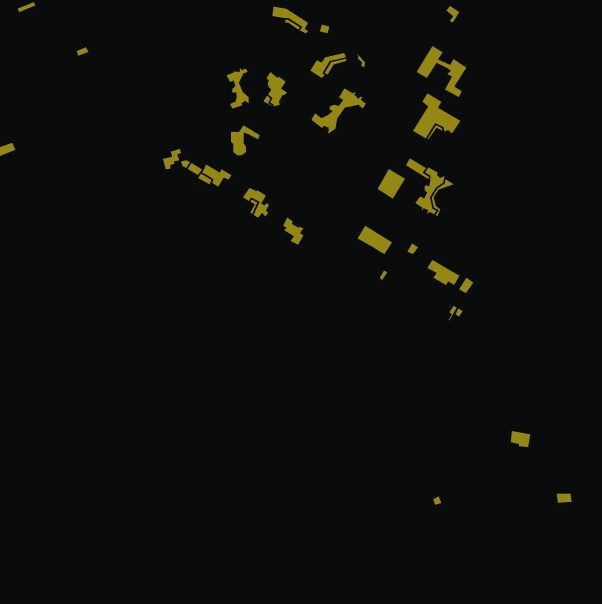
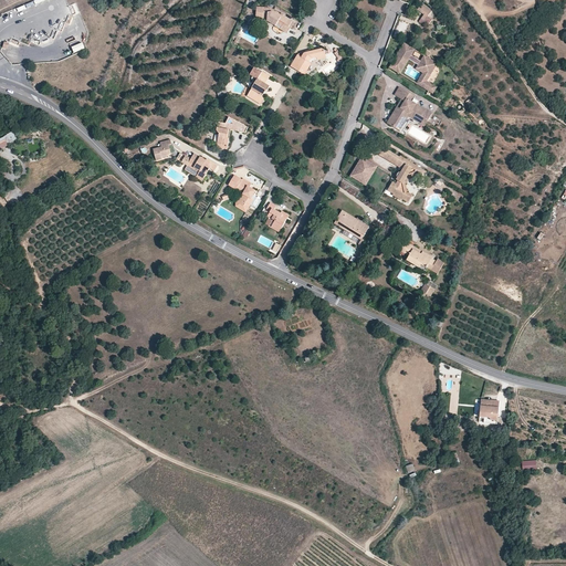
building: [226,67,249,109] -> none
building: [311,87,367,135] -> none

